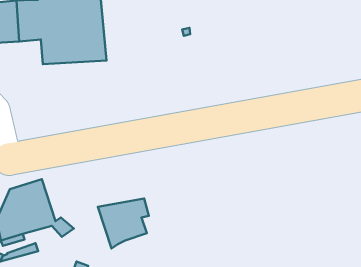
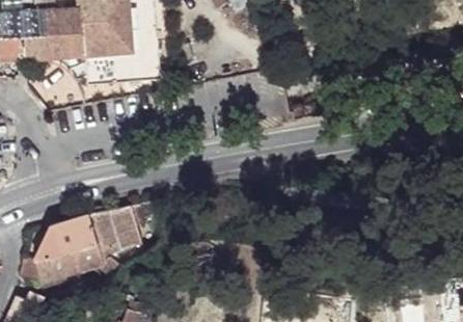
building: [98,198,149,249] -> [87,204,145,261]

